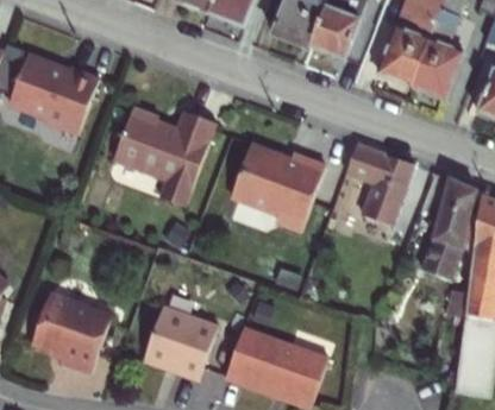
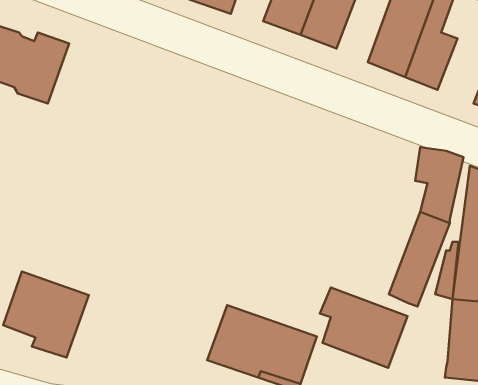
building: [111,105,211,200] -> none
building: [232,134,322,221] -> none
building: [338,150,406,241] -> none
building: [143,302,219,378] -> none
building: none -> [320,287,408,368]

